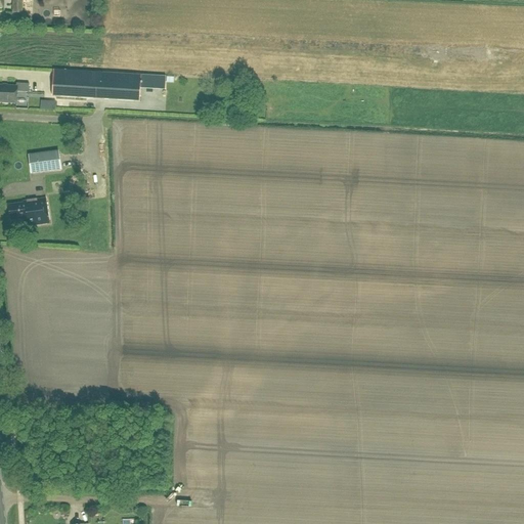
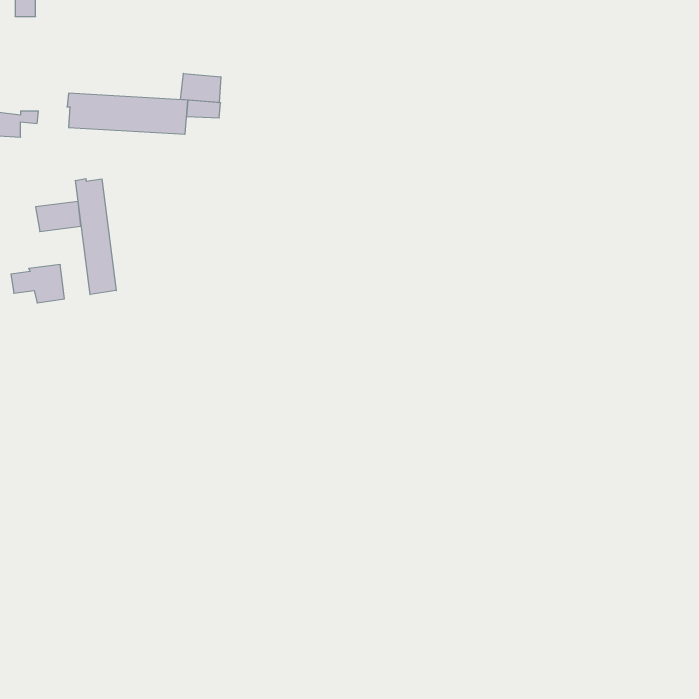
building: none -> [180,73,221,103]
building: none -> [75,179,116,295]

